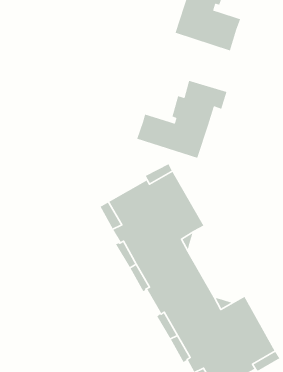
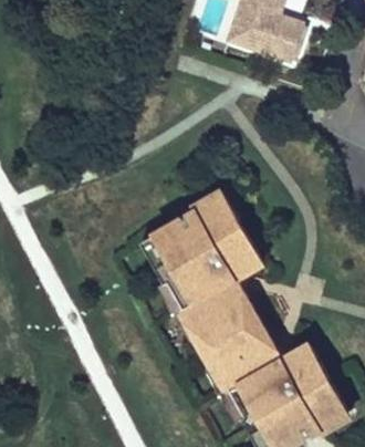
building: [136,80,227,159] -> none

